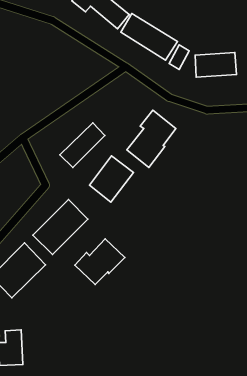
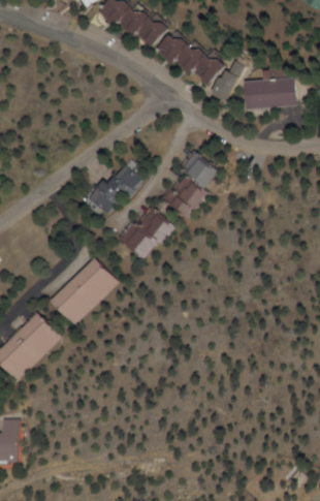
building: [75,239,125,284] -> none

